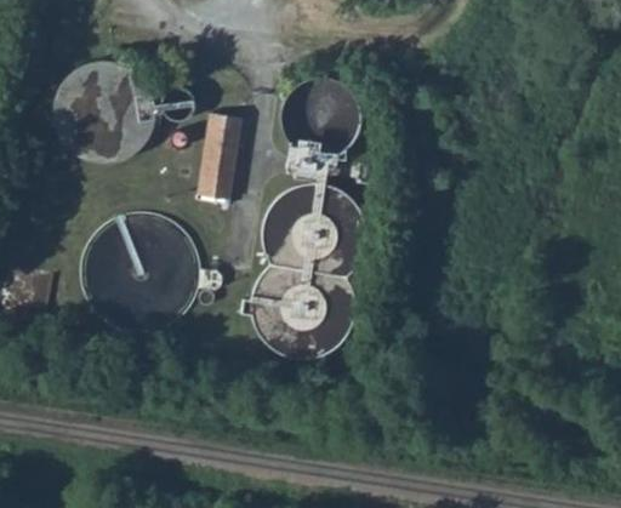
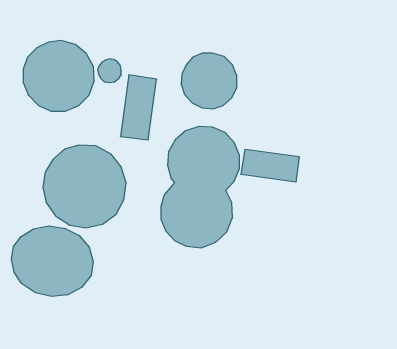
building: none -> [241,149,299,182]
building: none -> [11,226,93,296]

